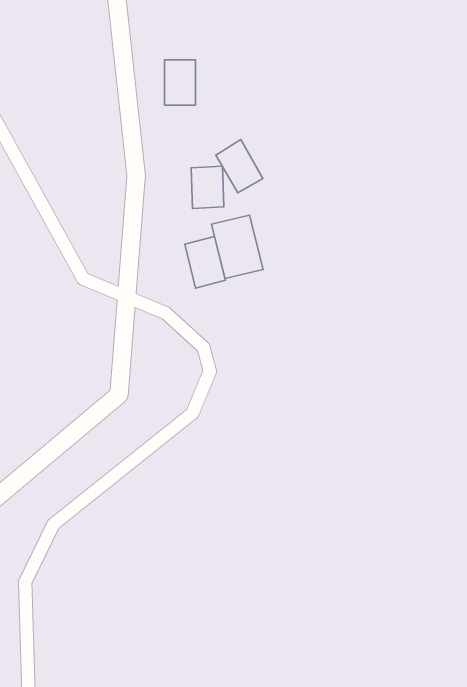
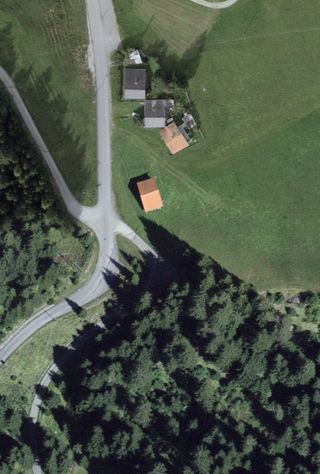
building: [191,166,224,208] -> [143,96,164,123]
building: [211,215,263,278] -> none

